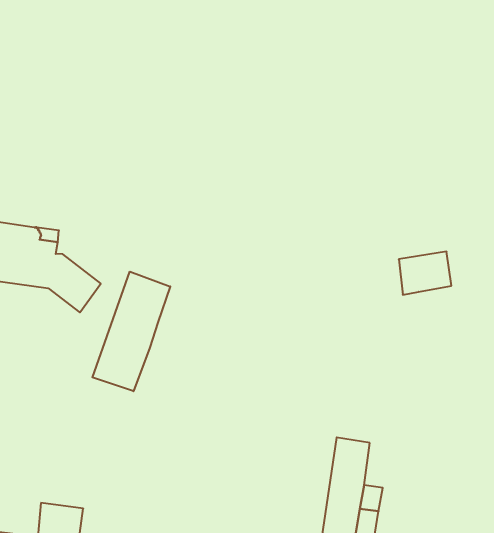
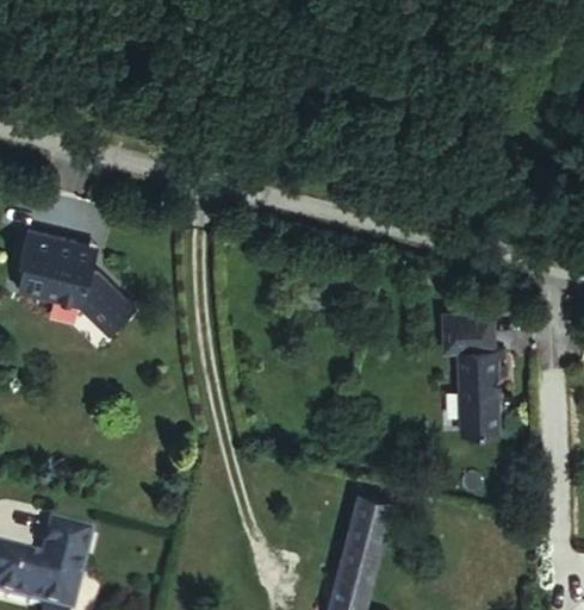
building: [92,272,170,391] -> none
building: none -> [460,349,505,437]

